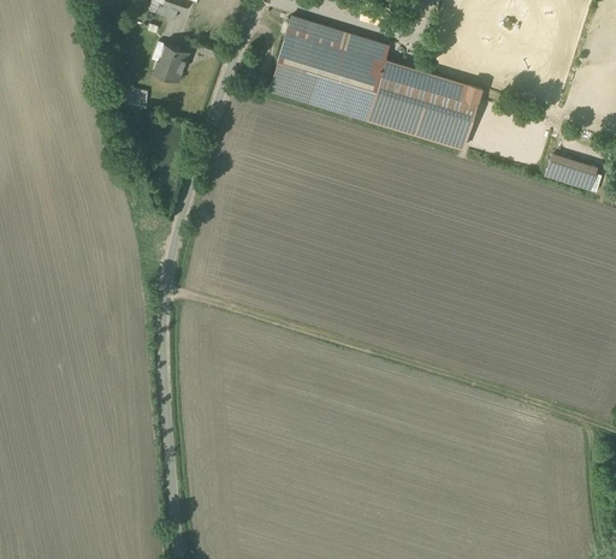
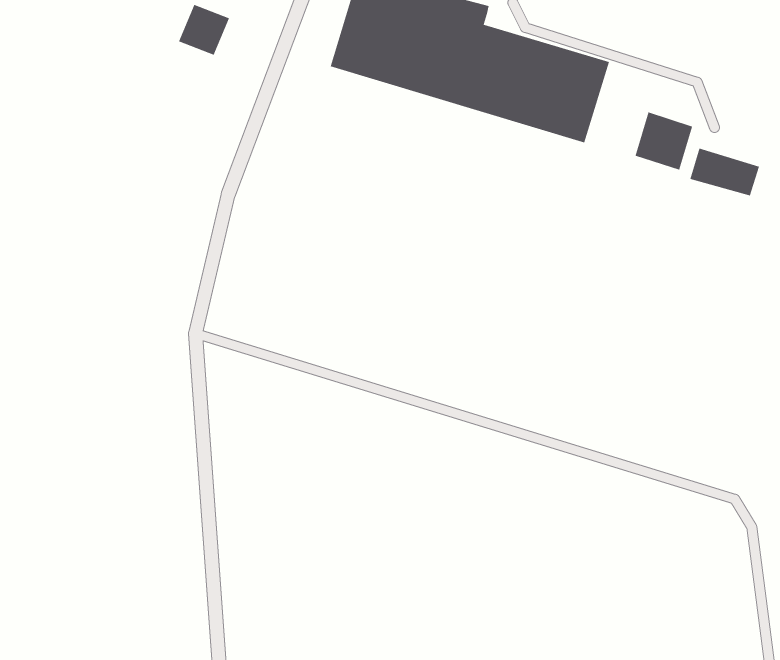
building: none -> [635,112,693,170]

